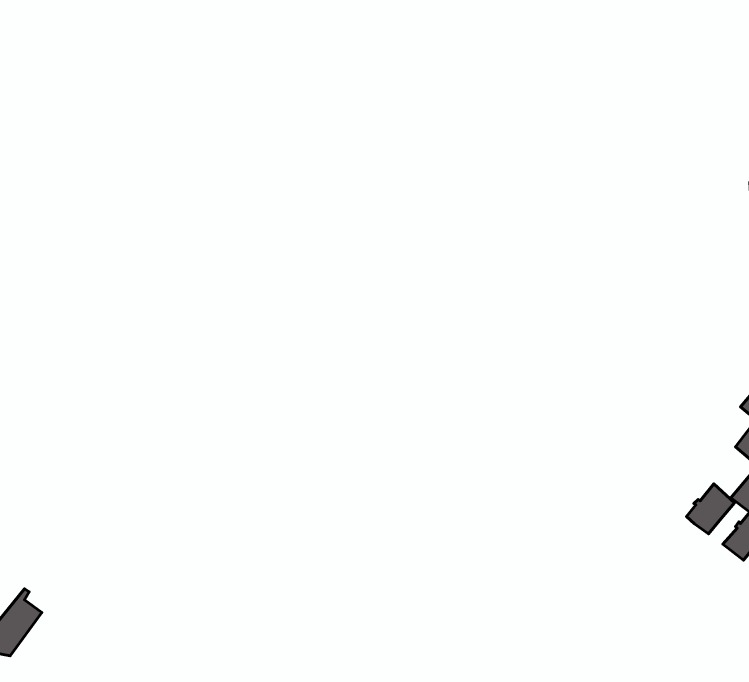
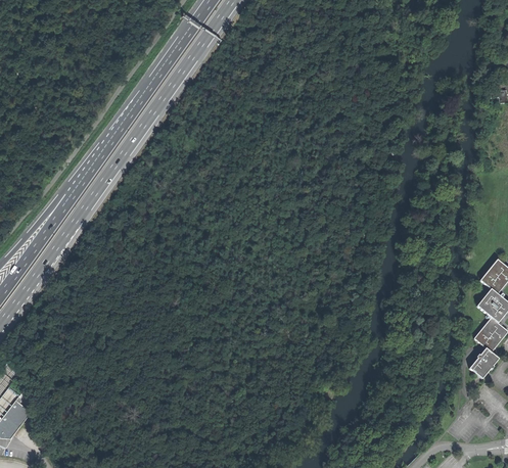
building: [686,484,735,534] -> none

